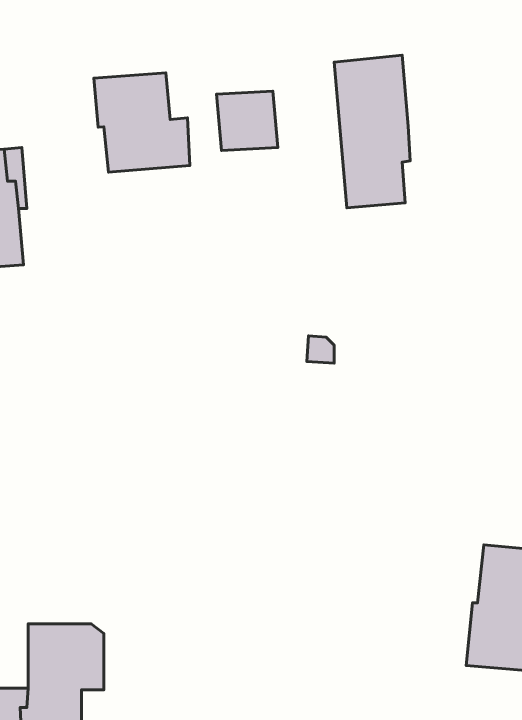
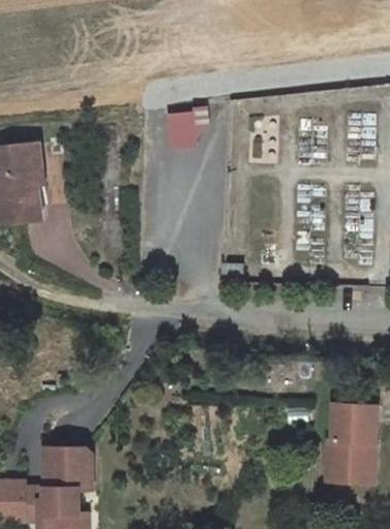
building: [334,55,410,208] -> none
building: [94,73,190,172] -> none

